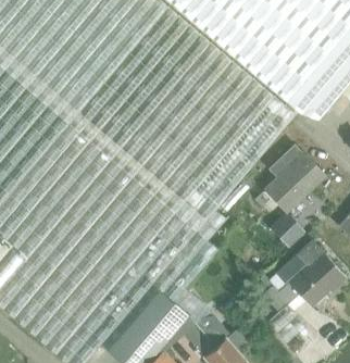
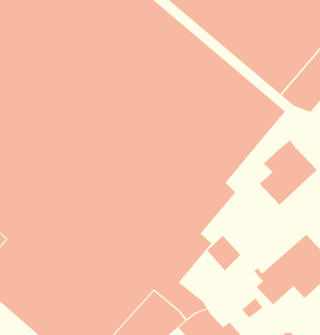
building: [268,211,303,247] -> [207,235,241,271]

